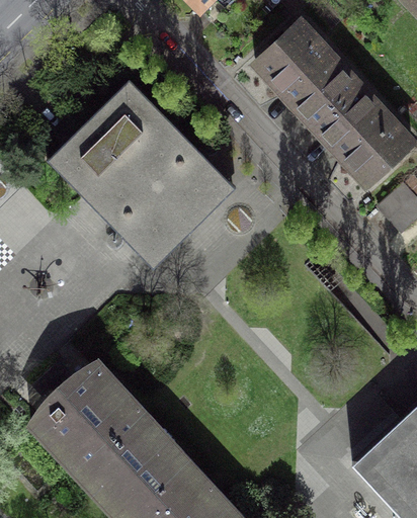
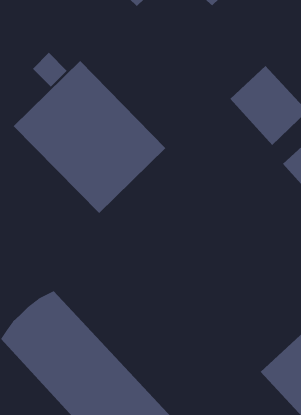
building: [255,23,358,127] -> none
building: none -> [32,52,68,87]

